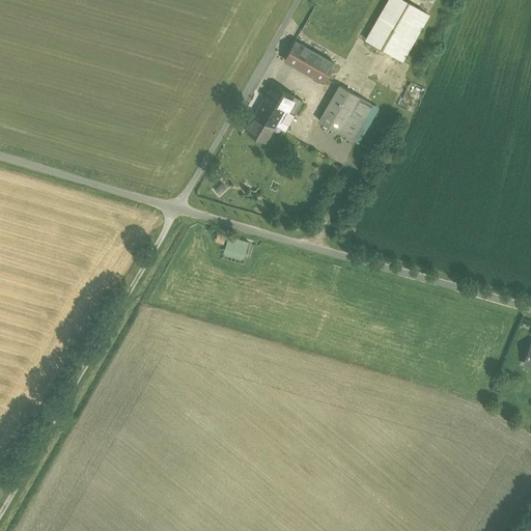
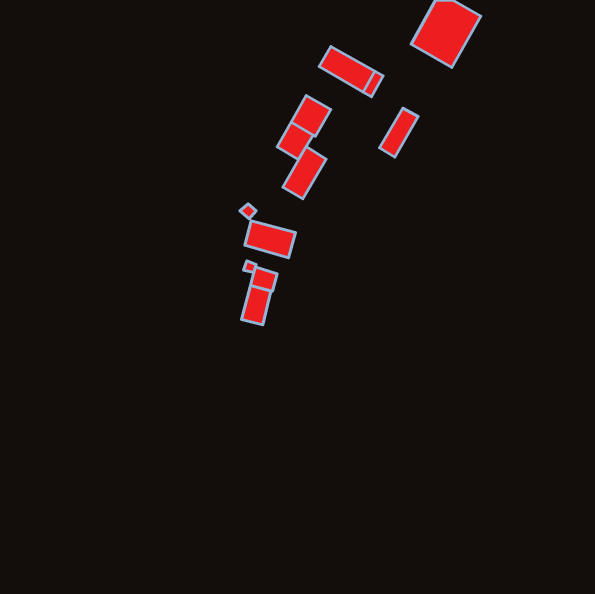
building: [320,86,359,133] -> [283,146,326,199]
building: none -> [245,221,295,258]
building: none -> [241,285,271,325]

